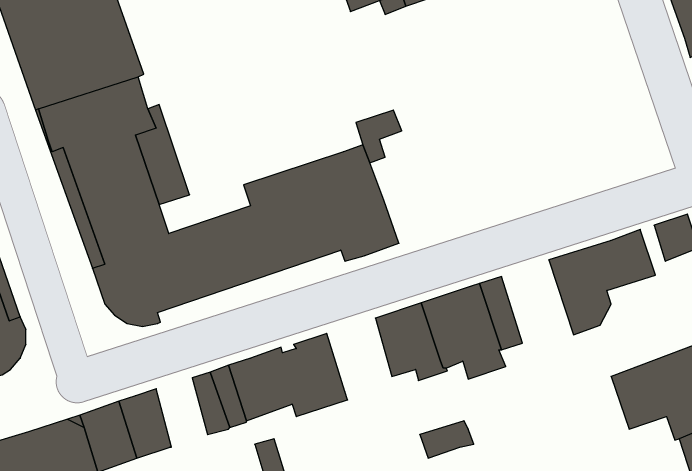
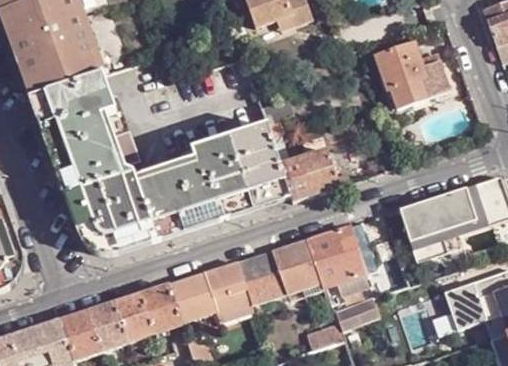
building: none -> [375,41,450,108]
building: none -> [280,149,340,203]
building: none -> [436,183,487,255]
building: none -> [239,250,286,303]
building: none -> [116,293,153,343]
building: none -> [334,298,379,330]

